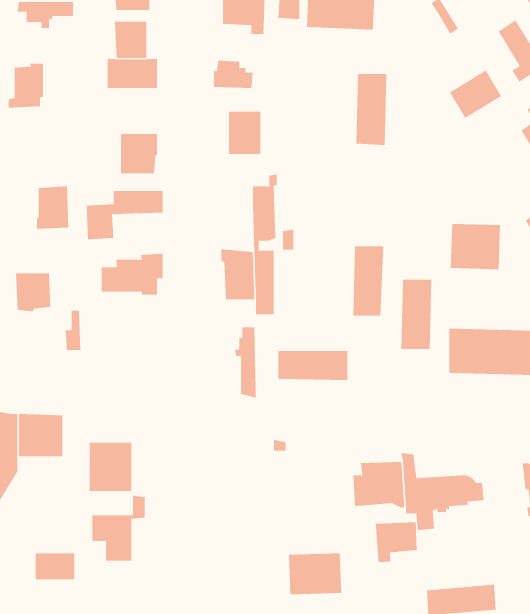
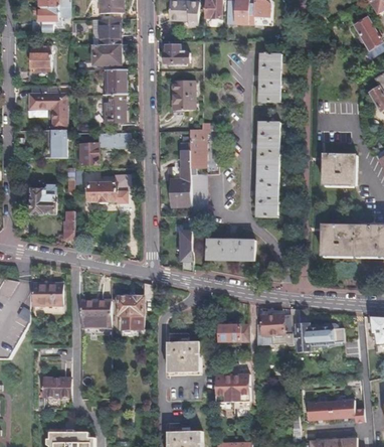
building: [449,70,502,119] -> none
building: none -> [105,68,126,94]
building: none -> [29,85,66,126]
building: none -> [168,137,190,173]
building: [401,279,432,350] -> [257,122,278,169]
building: none -> [219,322,248,341]
building: [92,495,146,561] -> [116,282,152,326]
building: none -> [165,337,199,371]
building: [375,522,417,563] -> none

